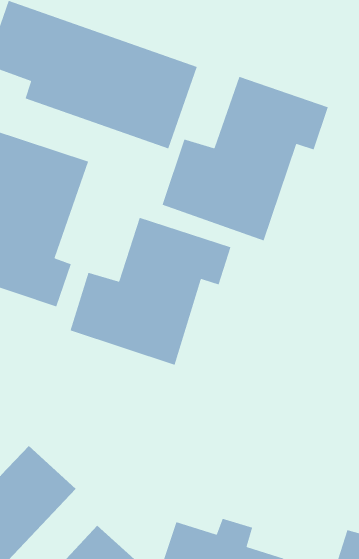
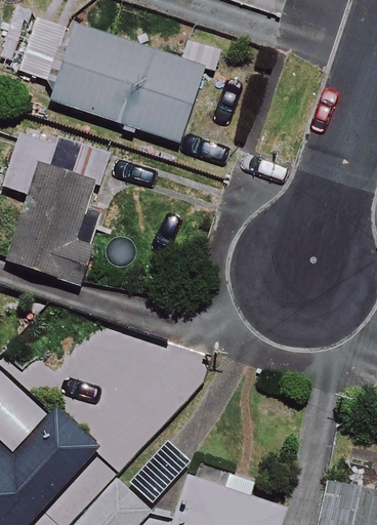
building: [161,76,329,241] -> none
building: [70,217,231,366] -> none

